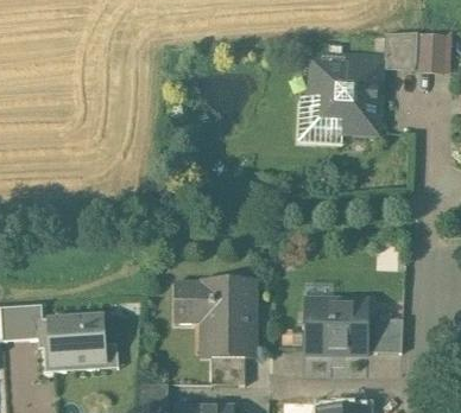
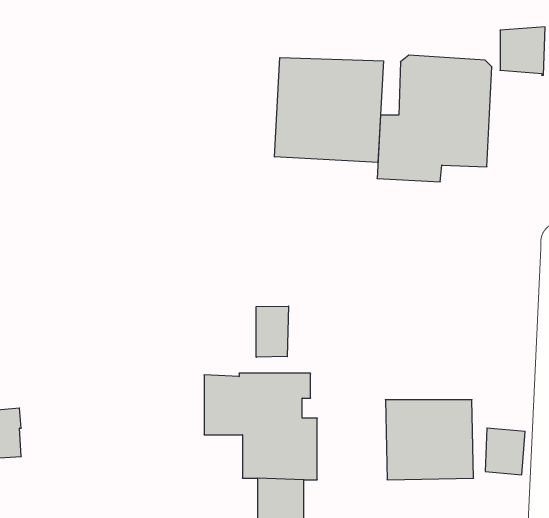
building: none -> [275,58,383,162]
building: none -> [256,306,289,357]
building: [43,314,107,371] -> none

